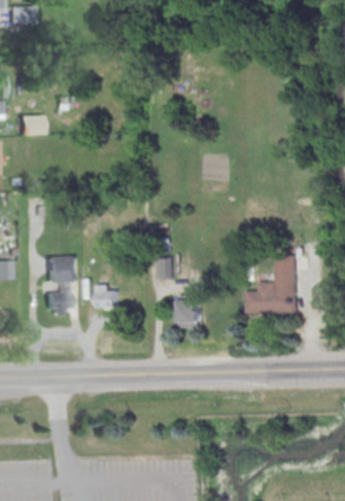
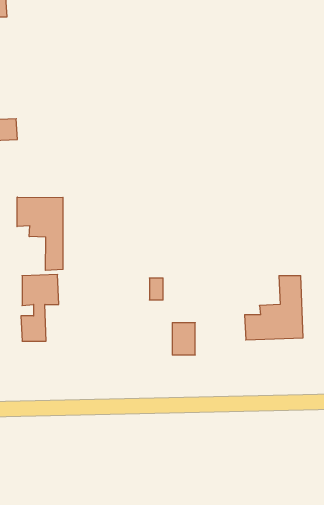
building: none -> [17,197,63,270]
building: [101,285,120,311] -> none

